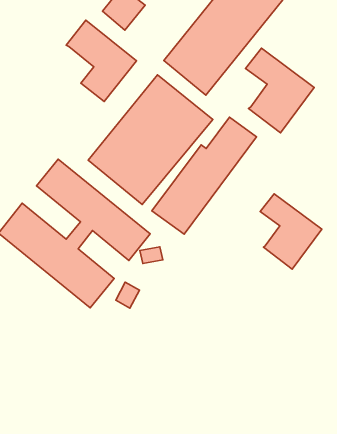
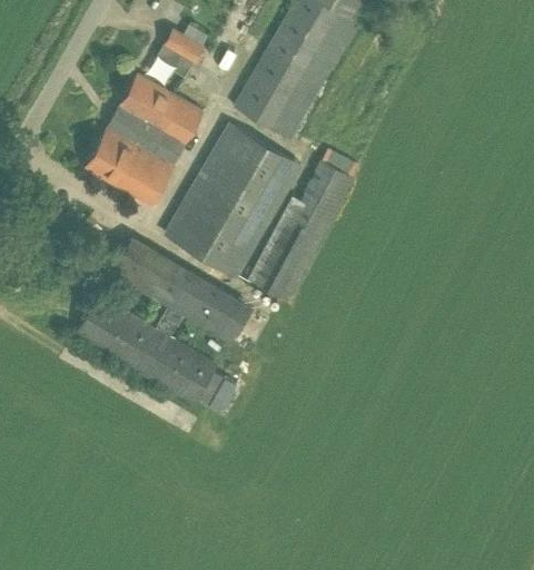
building: none -> [83,107,172,205]
building: [246,48,314,133] -> none
building: [260,194,322,269] -> none

